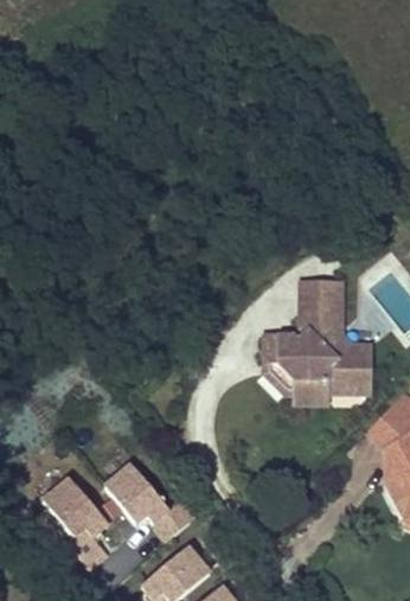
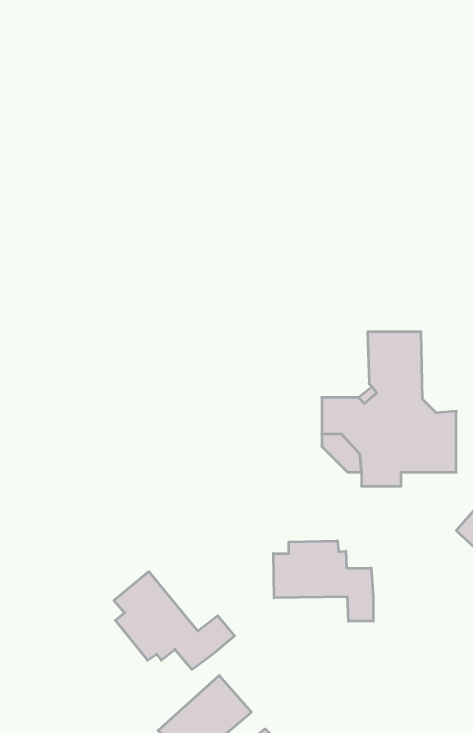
building: none -> [273,541,373,621]
building: [41,479,110,573] -> none

